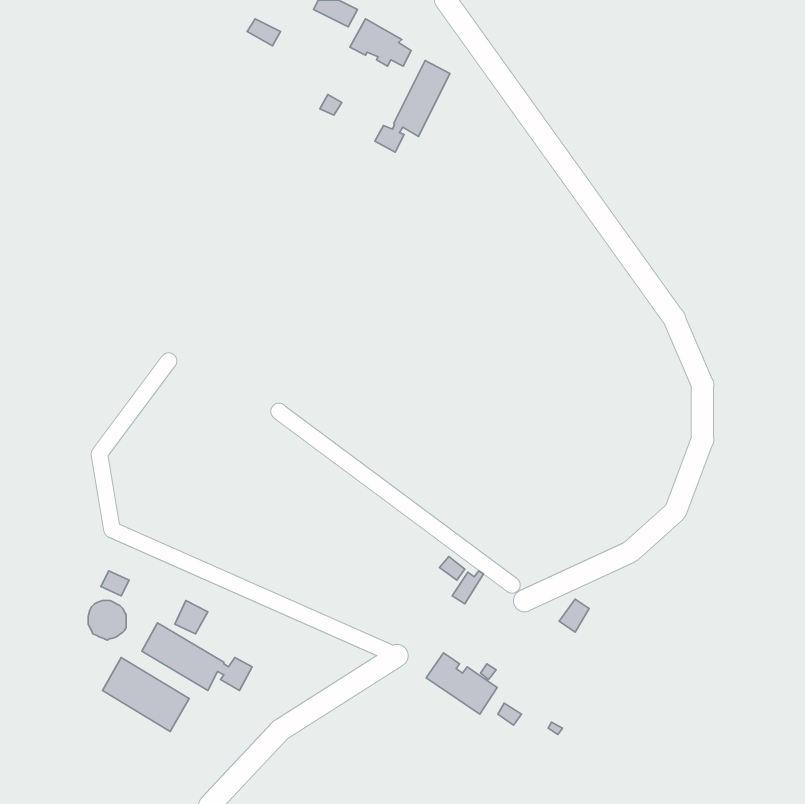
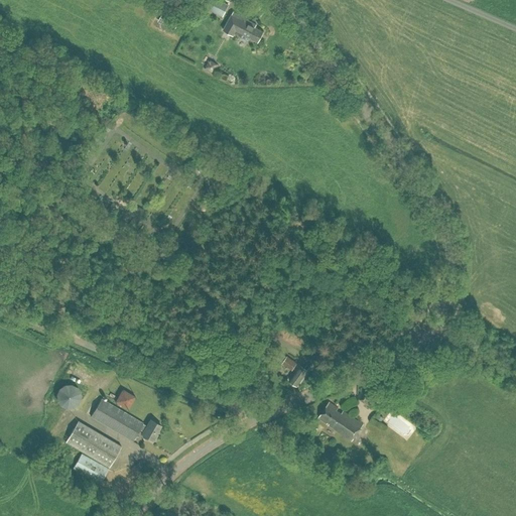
building: [375,61,450,152] -> none
building: [426,653,497,714] -> [317,402,363,441]
building: none -> [73,455,108,484]

